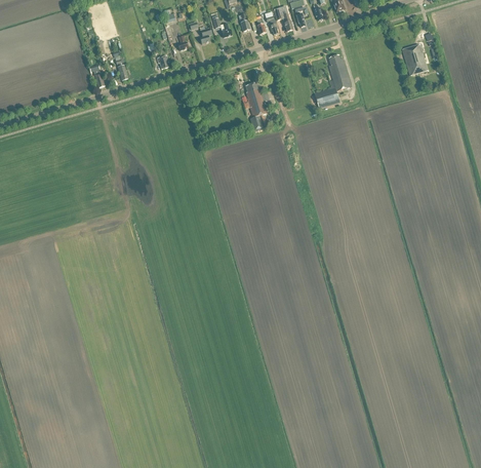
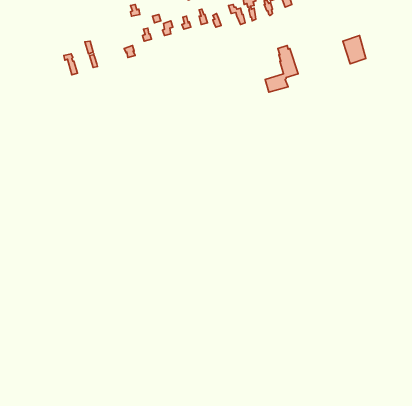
building: [241,81,266,129] -> none

